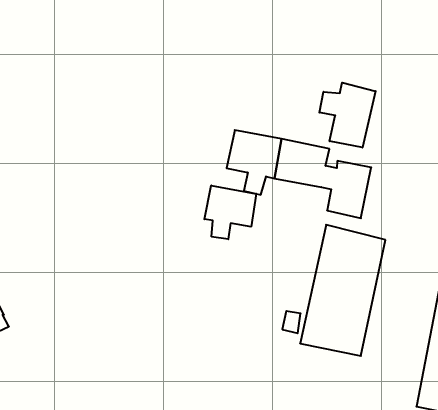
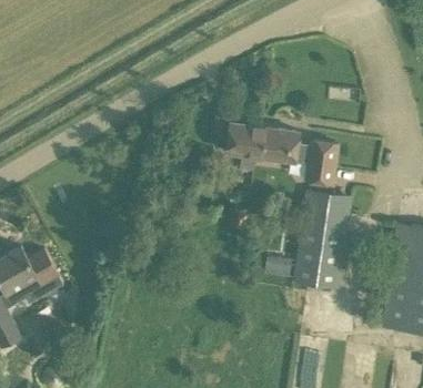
building: [319,83,376,148] -> none
building: [204,185,256,239] -> none

